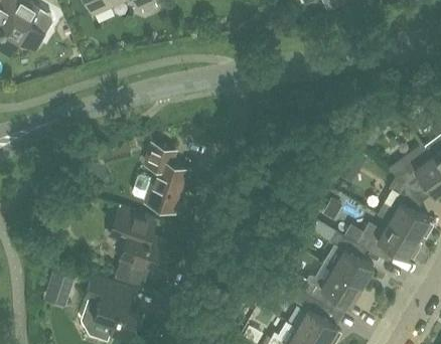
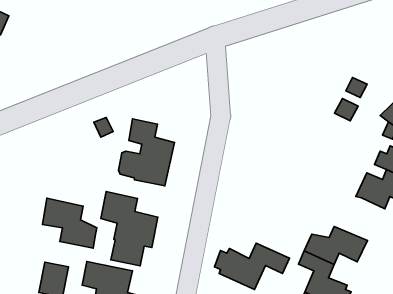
building: none -> [42,198,97,248]
building: [323,230,374,287] -> none
building: none -> [214,243,290,290]

